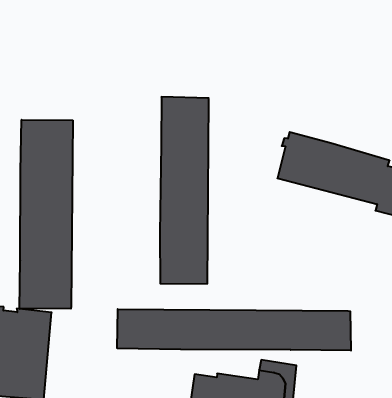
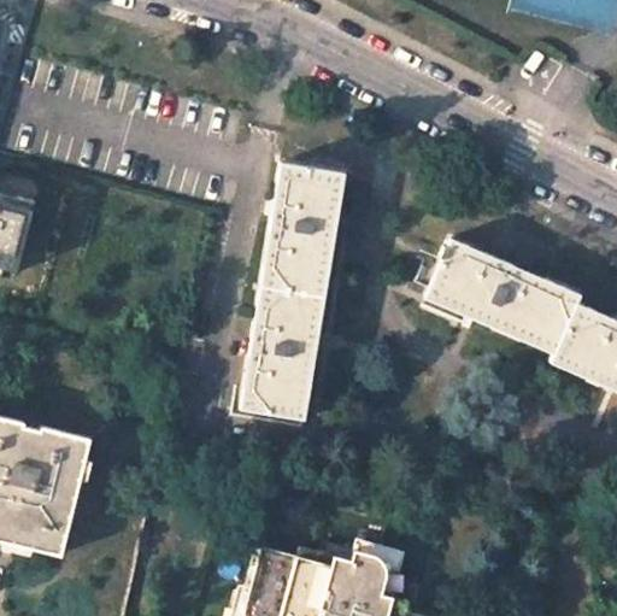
building: [20,120,73,309] -> none
building: [117,309,351,351] -> none

